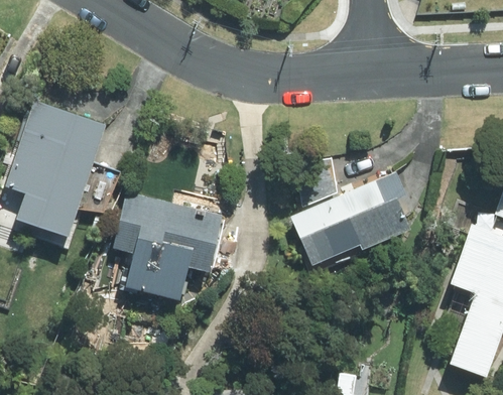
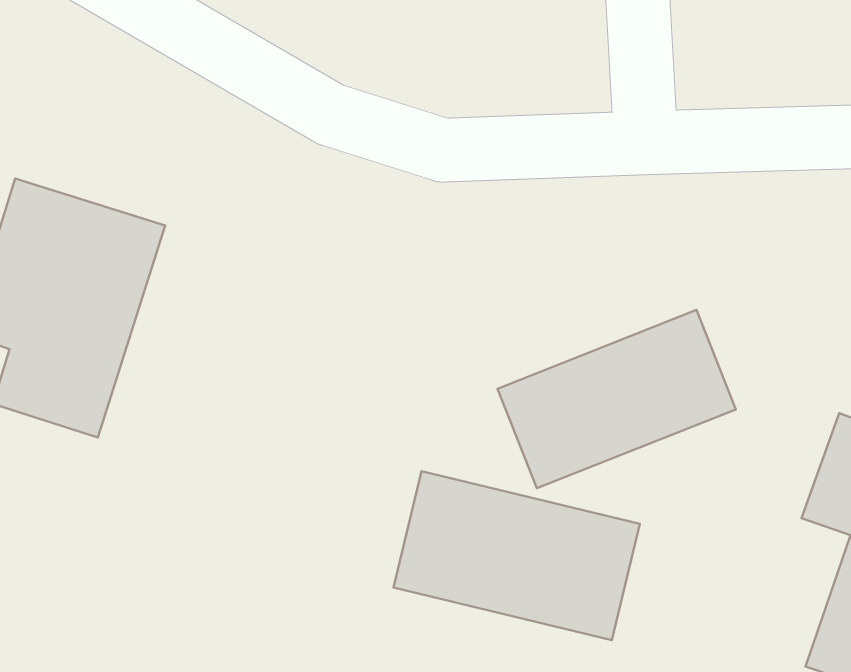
building: [112,192,226,298] -> none
building: none -> [393,471,640,640]

